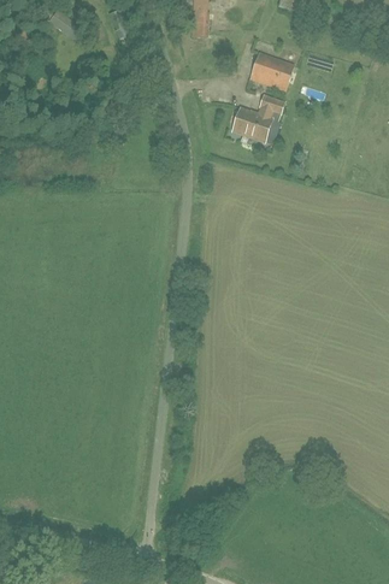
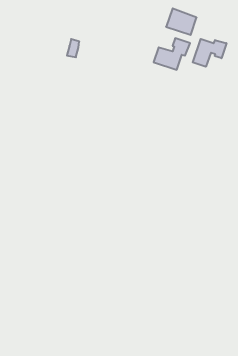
building: none -> [193,39,226,67]

